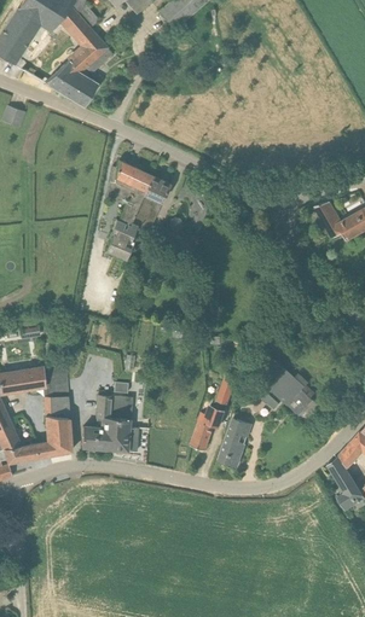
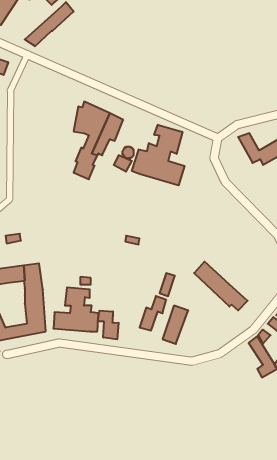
building: [58,47,111,106] -> none
building: none -> [132,125,185,185]
building: none -> [98,311,119,339]

